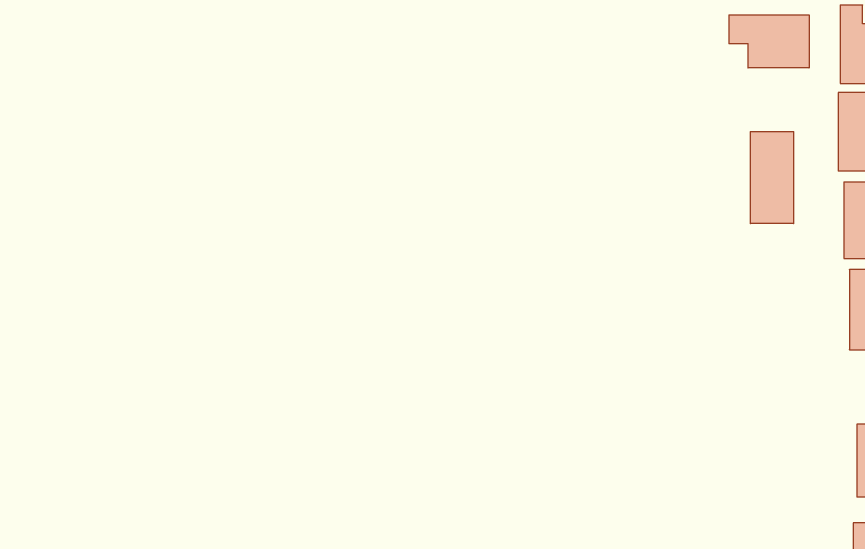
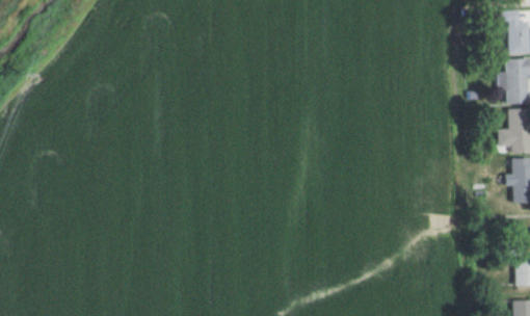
building: [729,15,809,68] -> none
building: [750,132,794,224] -> none

